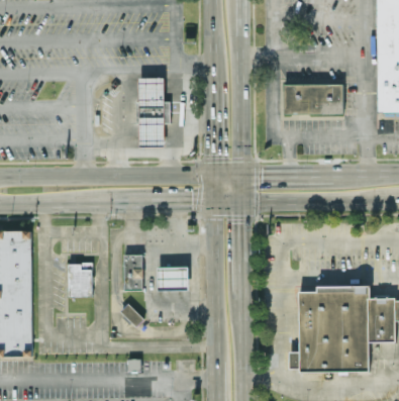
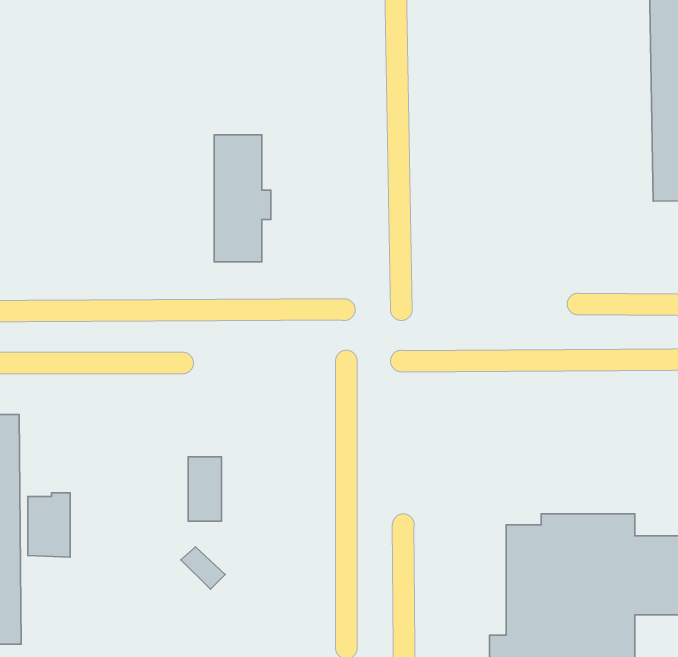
building: [284,83,346,114] -> none
building: [68,263,91,298] -> [28,493,70,557]
building: [157,267,187,290] -> none

